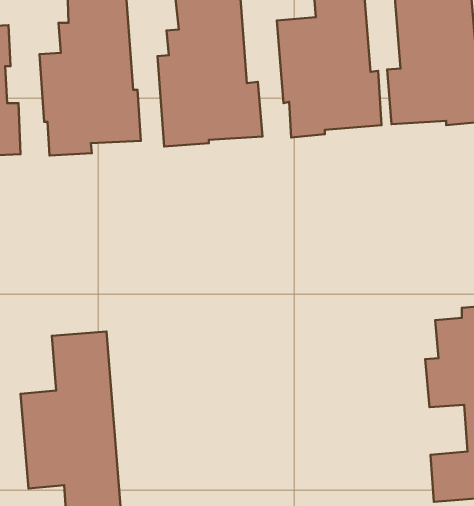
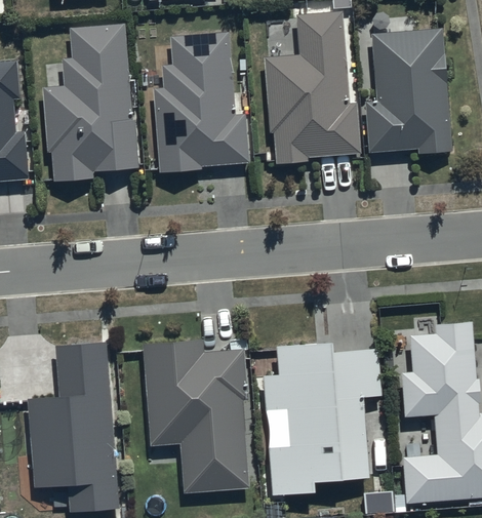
building: none -> [262,341,380,493]
building: none -> [145,342,248,492]

